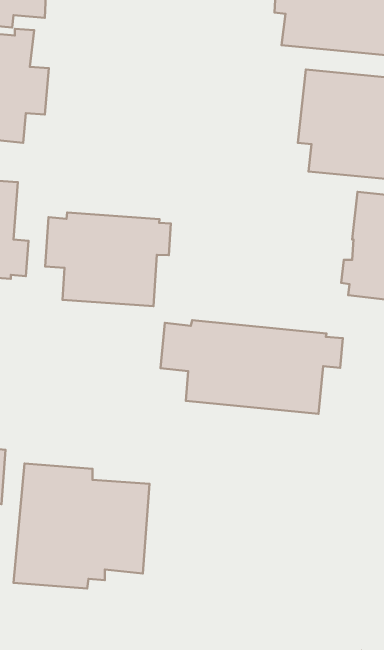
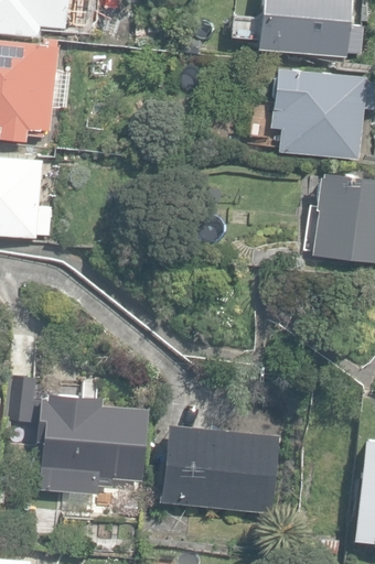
building: [45,213,171,306] -> none
building: [161,320,343,414] -> none
building: none -> [163,420,283,509]

